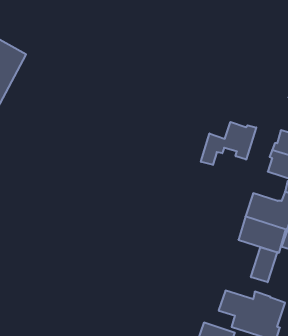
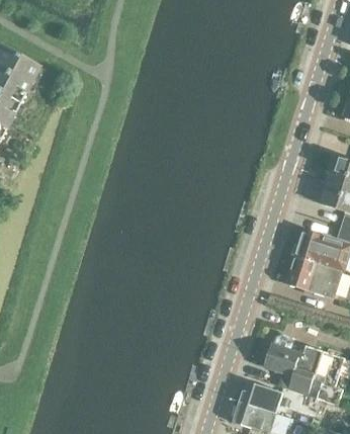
building: [201,122,256,165] -> none
building: [251,247,277,282] -> none

